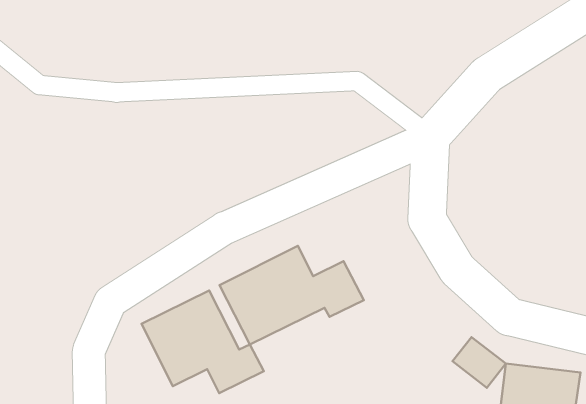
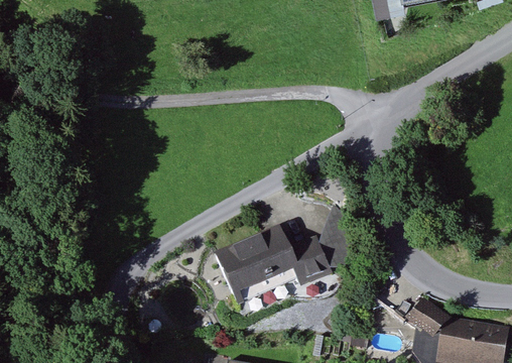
building: [142,291,264,393] -> none

